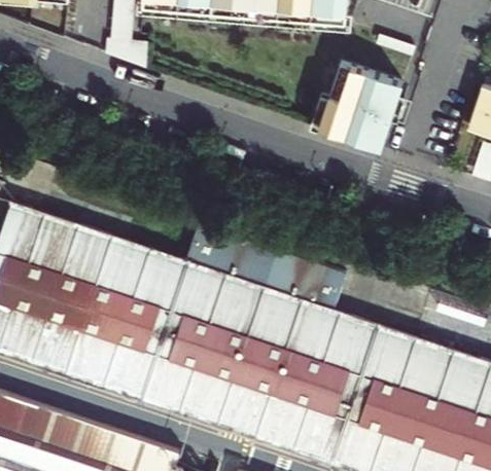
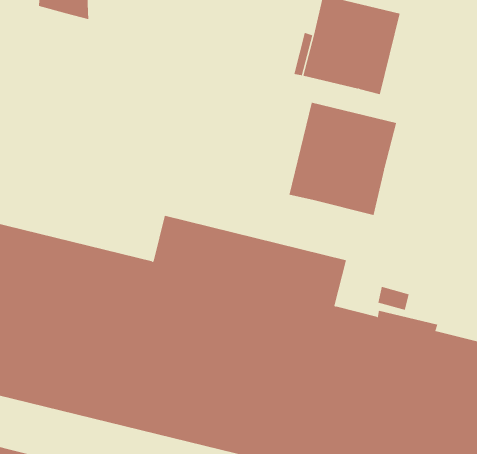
building: none -> [289,102,397,216]

